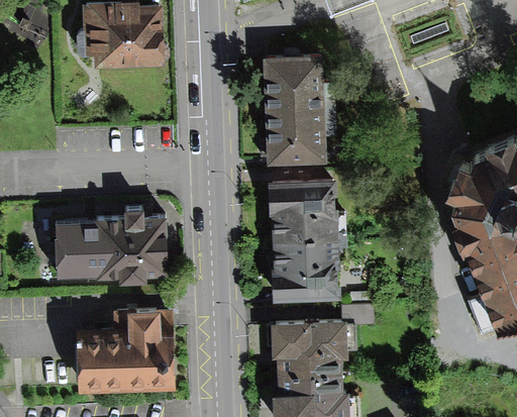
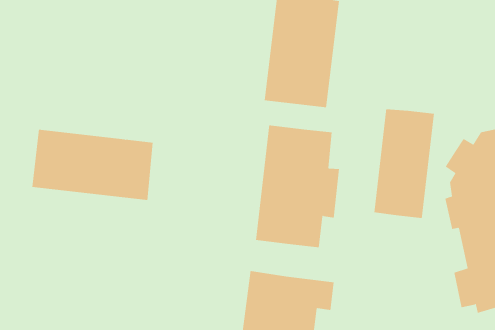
building: none -> [374,108,434,219]
building: [83,309,174,387] -> none

